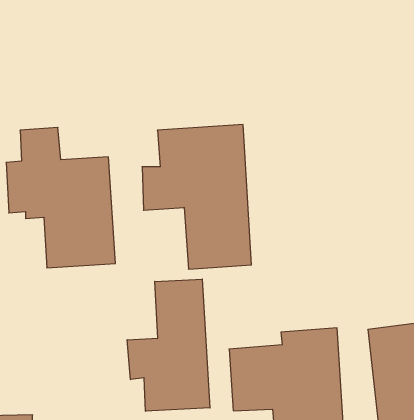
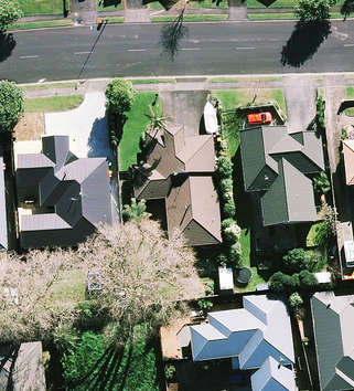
building: none -> [238,129,322,229]
building: [127,279,210,411] -> none

